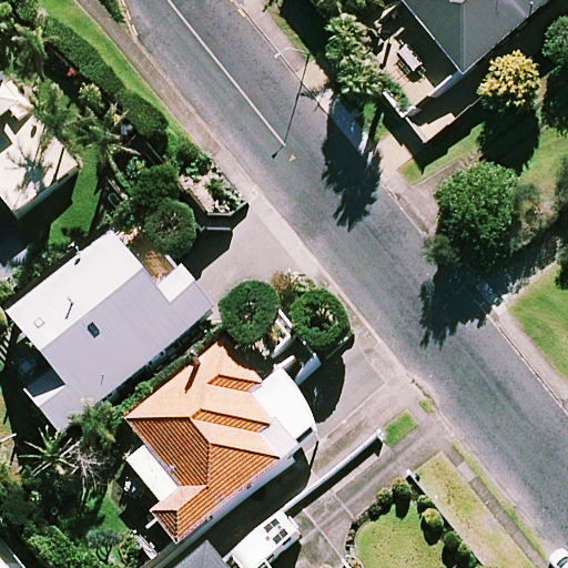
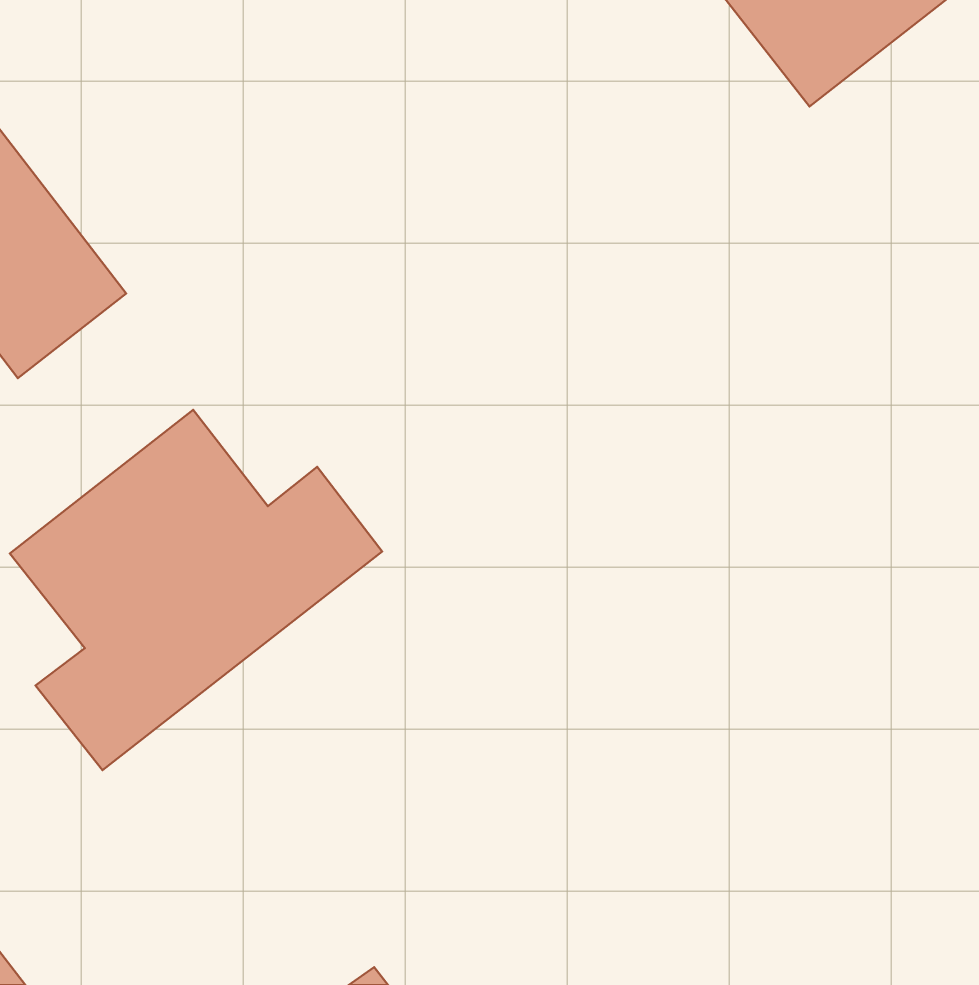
building: [125,339,284,542] -> none

